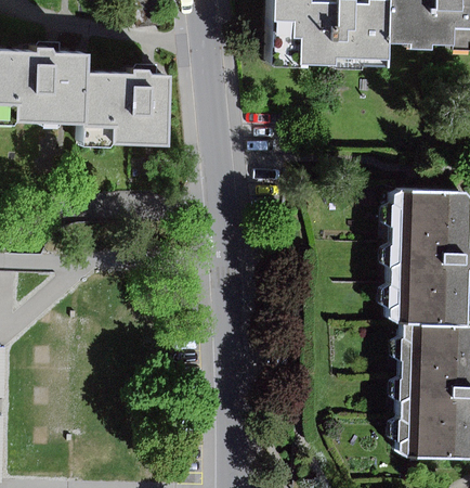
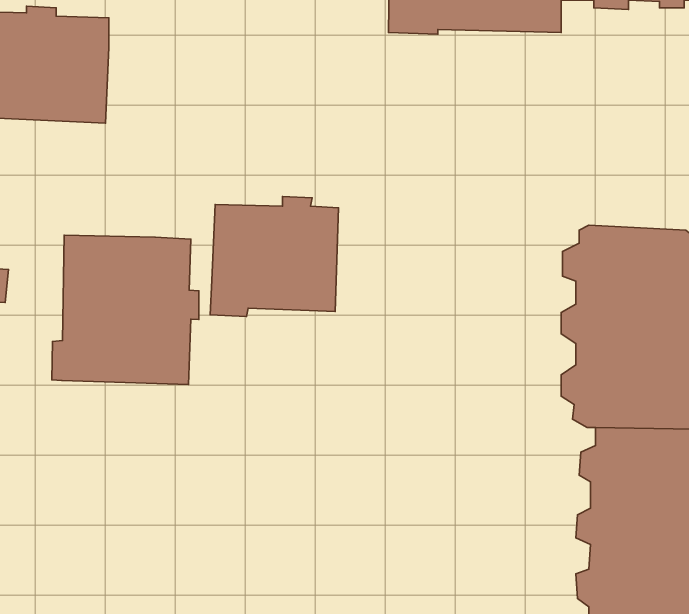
building: [80,67,165,146] -> [210,196,338,316]
building: none -> [52,235,199,385]

